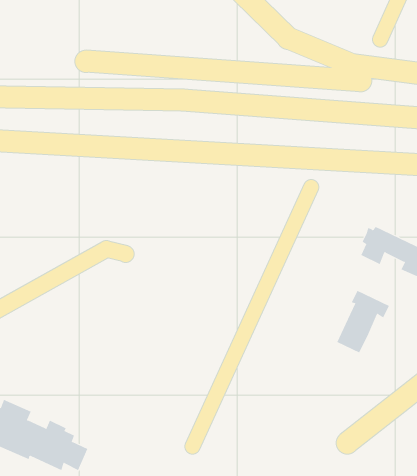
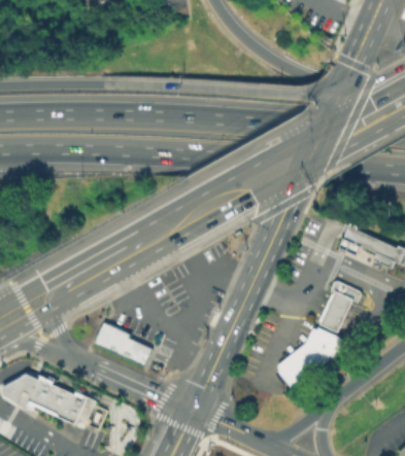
building: none -> [94,323,151,366]
building: none -> [276,325,345,387]

